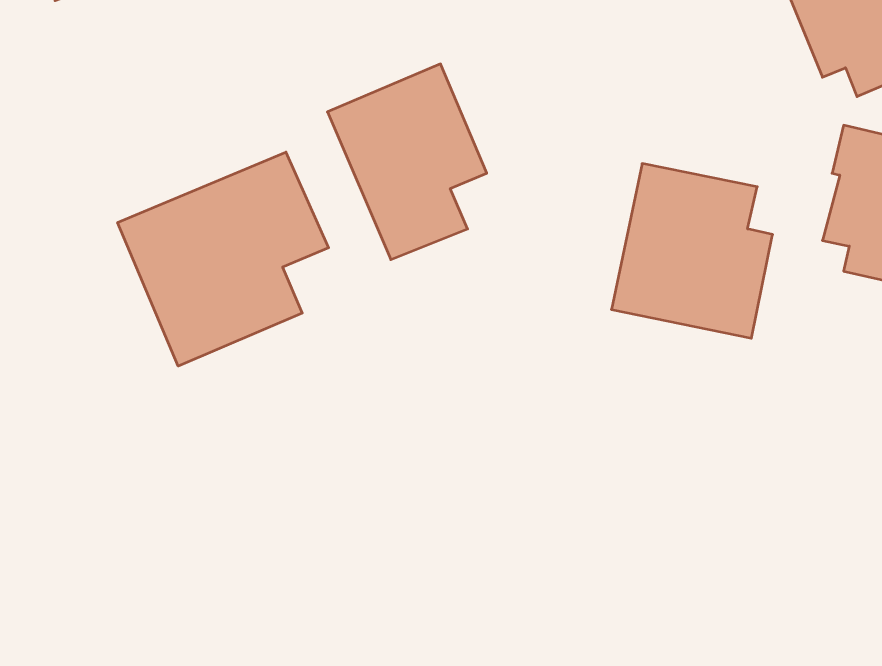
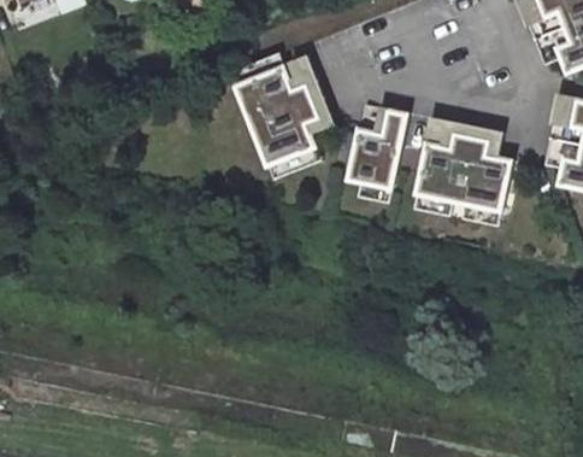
building: none -> [349,102,407,201]
building: [118,152,329,366] -> none

